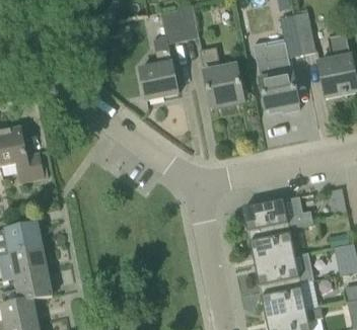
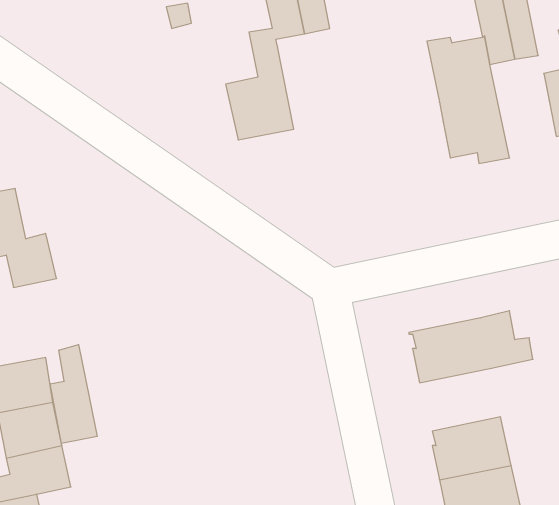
building: [199,45,243,107] -> none
building: none -> [50,345,97,443]
building: [248,228,294,263] -> none

